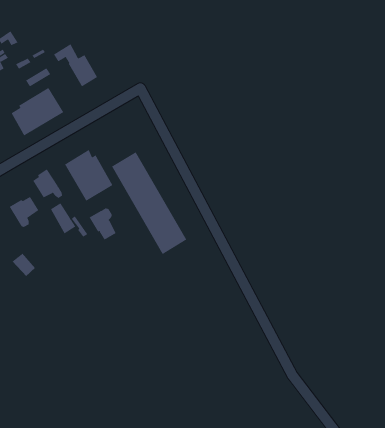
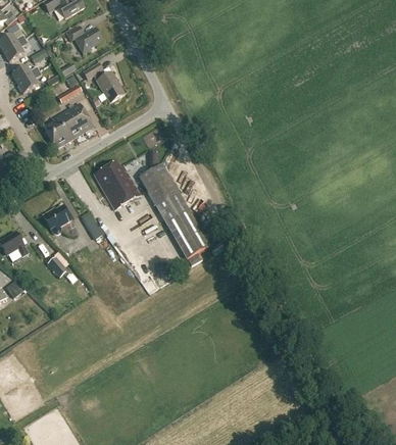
building: none -> [67,24,104,52]
building: [33,168,63,199] -> none
building: [89,207,117,240] -> none

